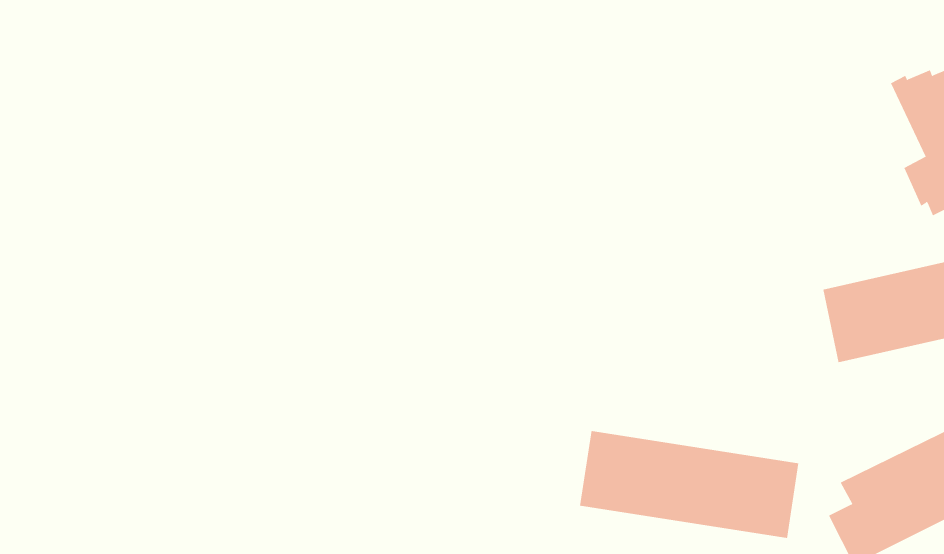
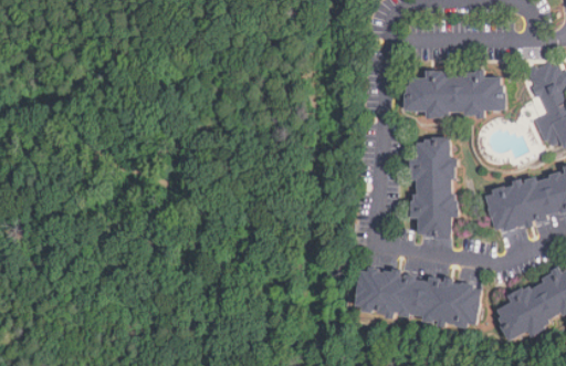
building: none -> [410,70,510,116]
building: none -> [409,138,453,239]

